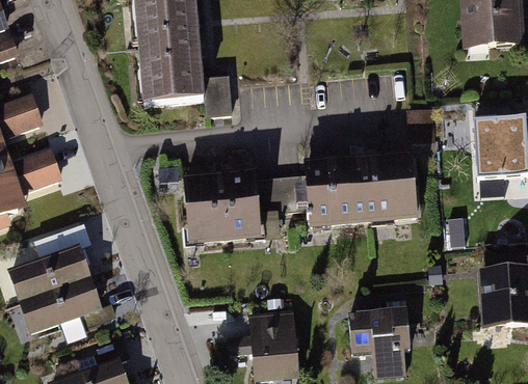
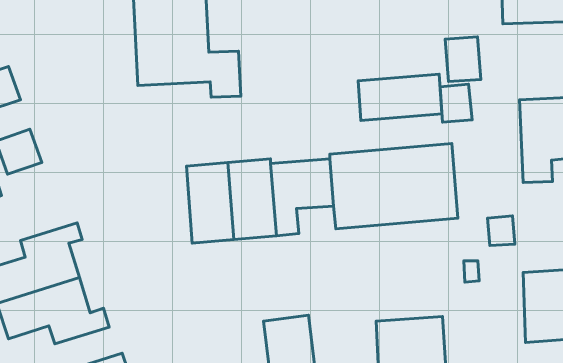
building: none -> [445,37,481,81]
building: none -> [358,74,442,120]

